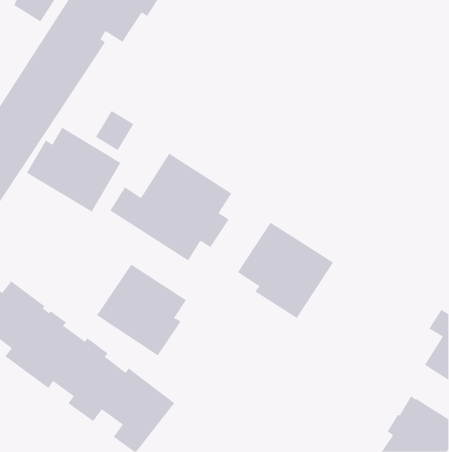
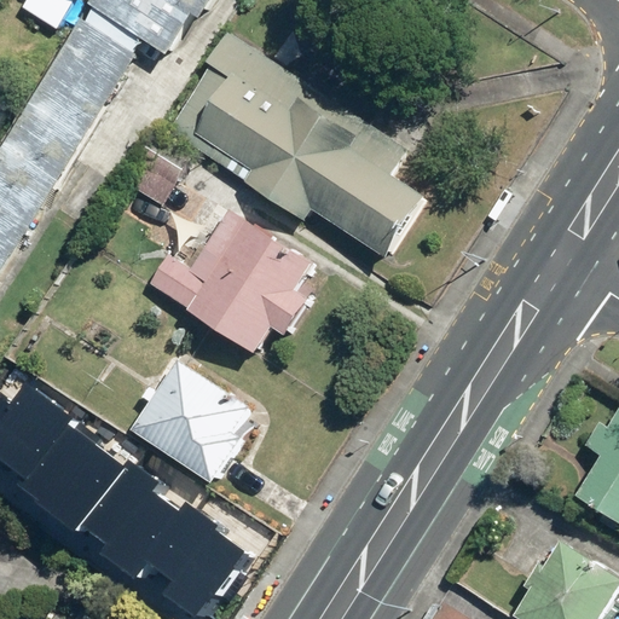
building: none -> [162,30,428,259]
building: [26,127,121,212] -> none
building: [237,222,334,319] -> none

